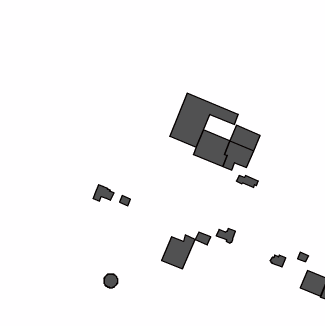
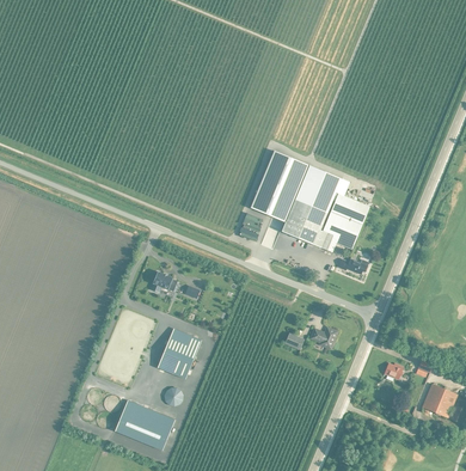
building: none -> [295,178,338,213]
building: [162,235,195,269] -> [158,334,202,378]
building: none -> [115,399,174,449]

